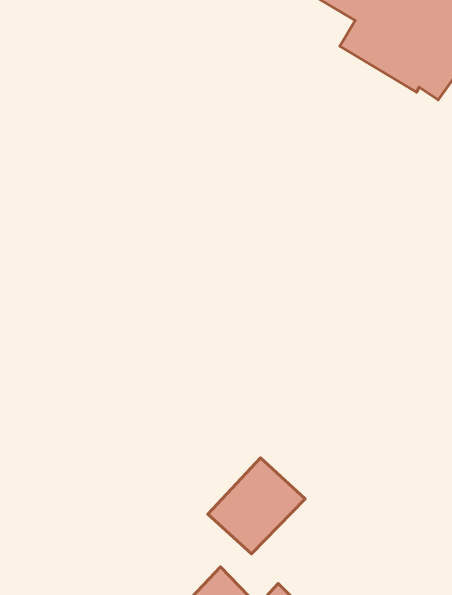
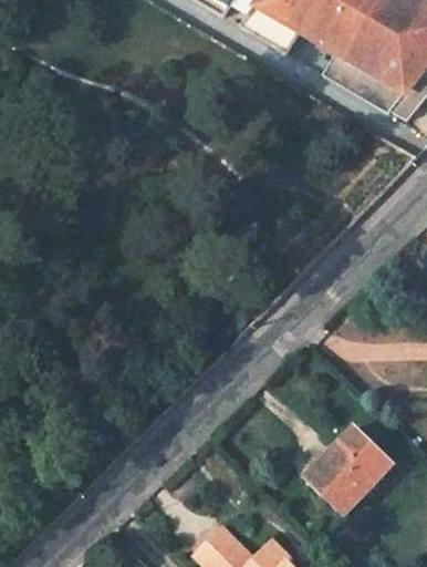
building: [208,458,305,554] -> [308,427,392,511]

